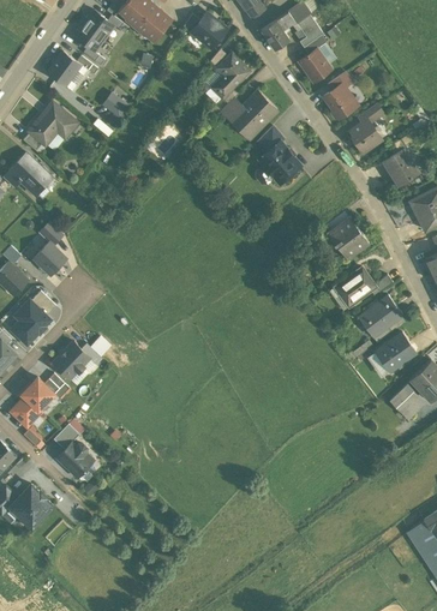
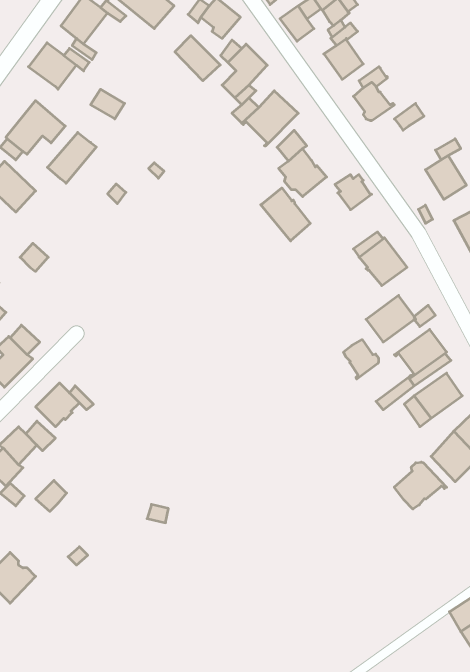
building: none -> [175,36,220,81]
building: [349,121,381,151] -> [335,175,372,210]
building: none -> [47,132,96,183]
building: none -> [261,188,310,241]
building: [34,241,66,274] -> none
building: none -> [344,340,378,379]
building: none -> [394,462,447,509]
building: [60,442,91,475] -> none

